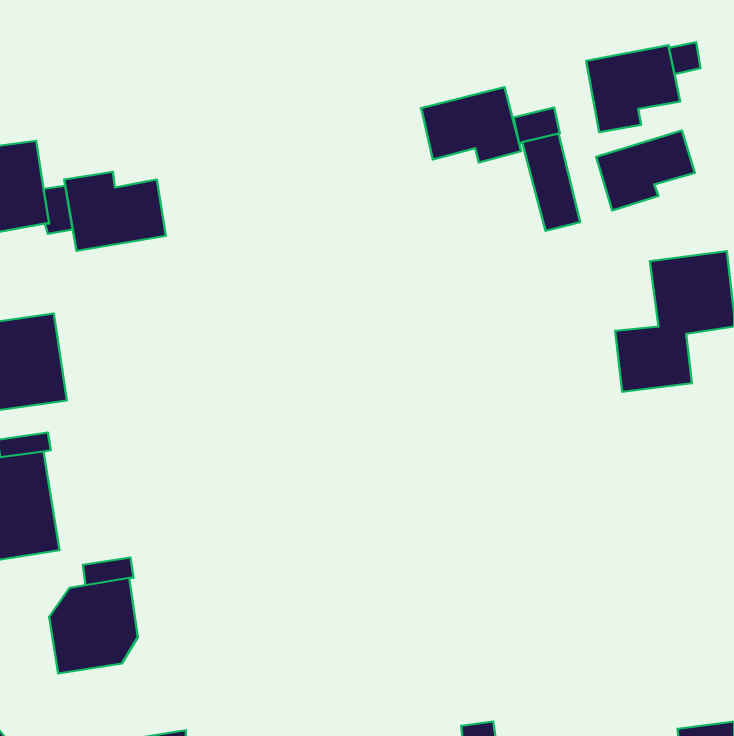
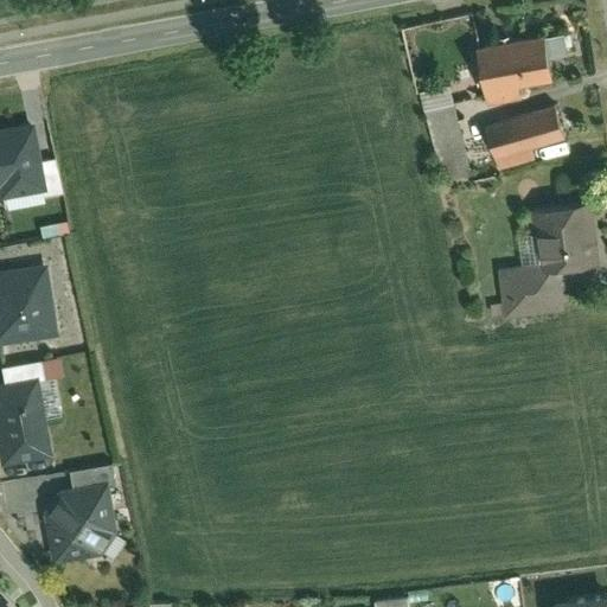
building: [421,87,521,162] -> none
building: [64,172,166,251] -> none

